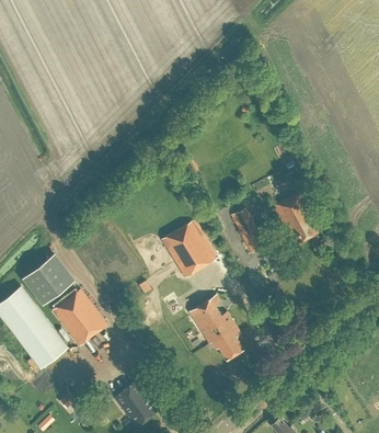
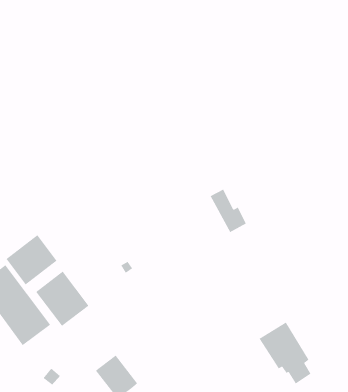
building: [273,194,320,247] -> none
building: [161,223,215,280] -> none
building: [188,296,243,361] -> [258,322,312,384]

